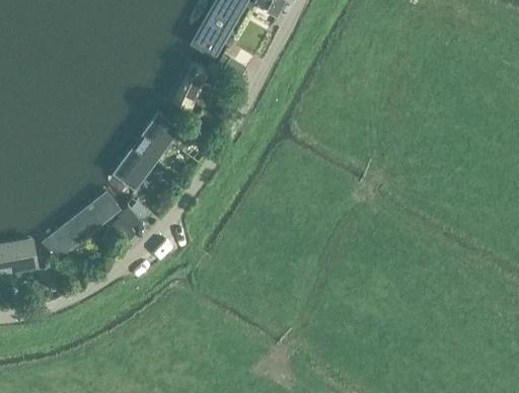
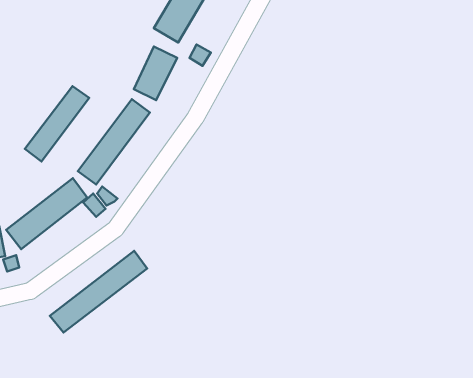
building: none -> [25,86,89,162]
building: none -> [50,251,147,332]

